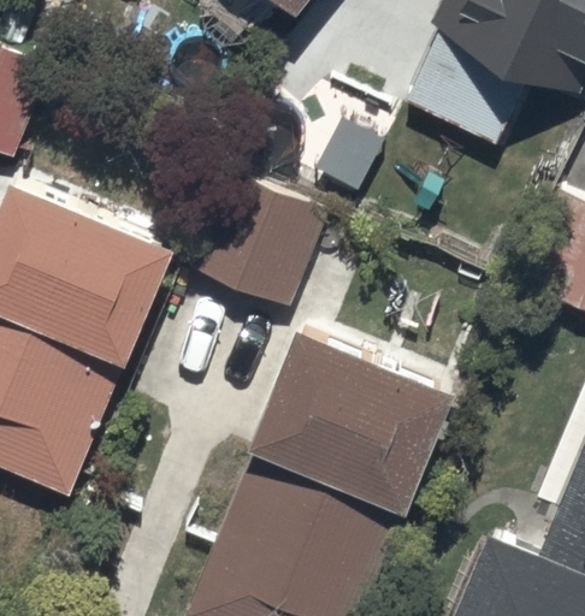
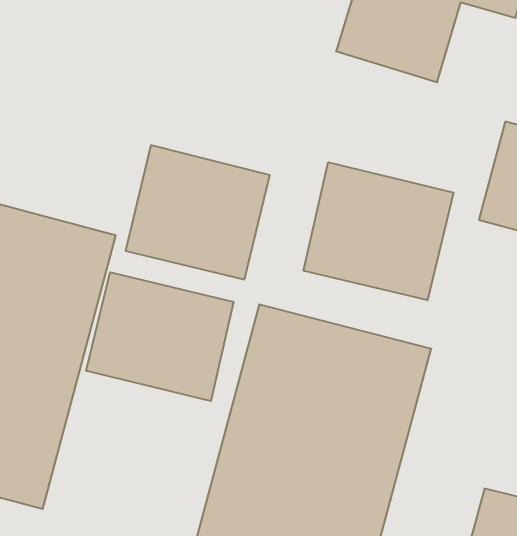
building: none -> [304,162,453,300]
building: none -> [86,272,233,401]

